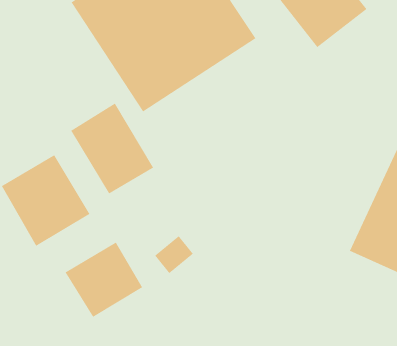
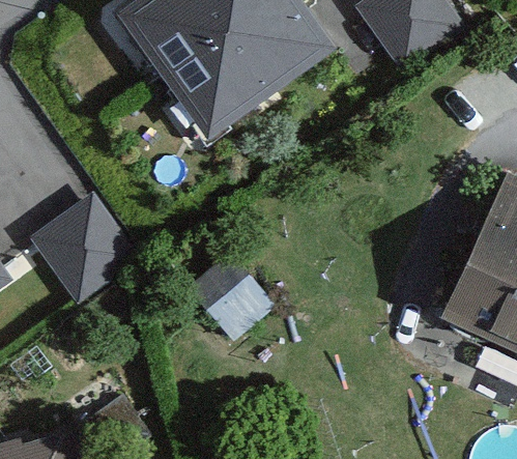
building: [70,102,154,195] -> none
building: [65,241,143,318] -> none

